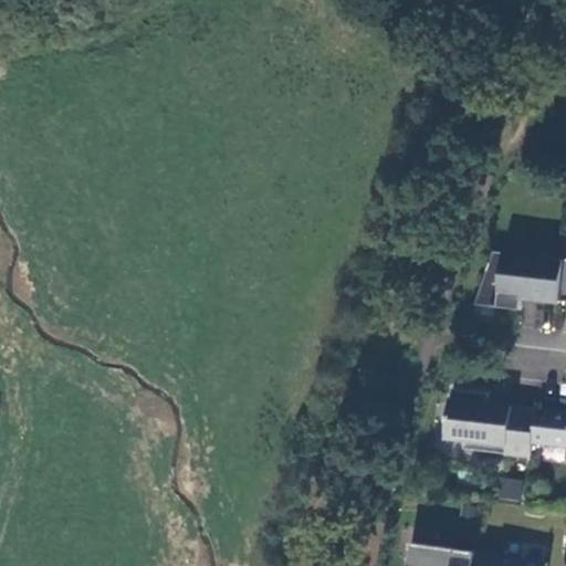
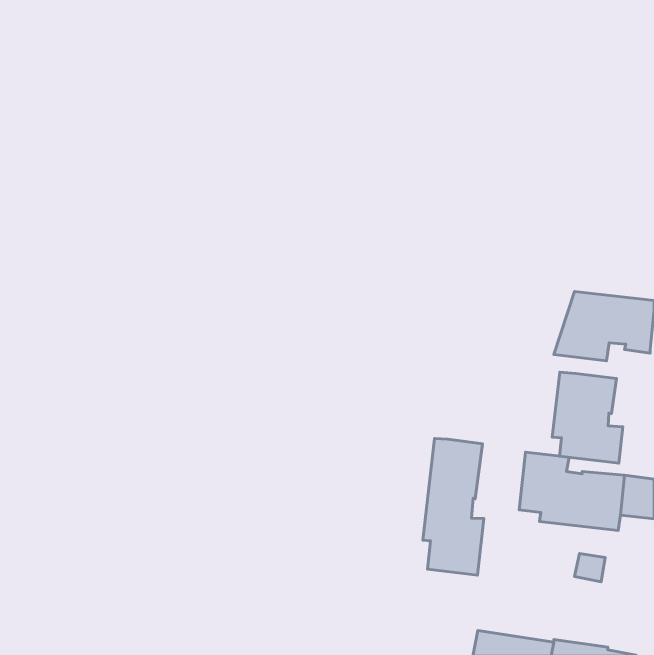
building: none -> [552,372,623,463]
building: none -> [423,439,484,575]

